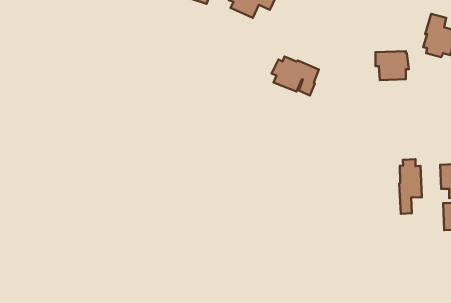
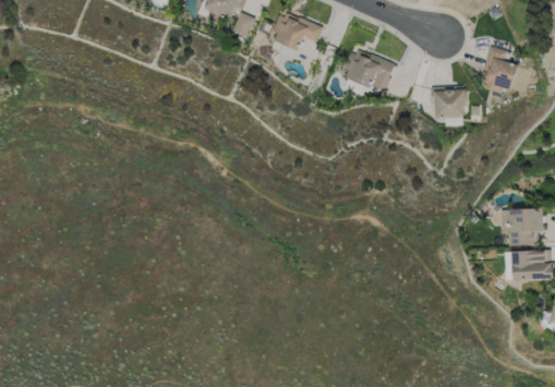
building: [271,56,319,96] -> [343,49,395,92]
building: [399,159,422,214] -> none

